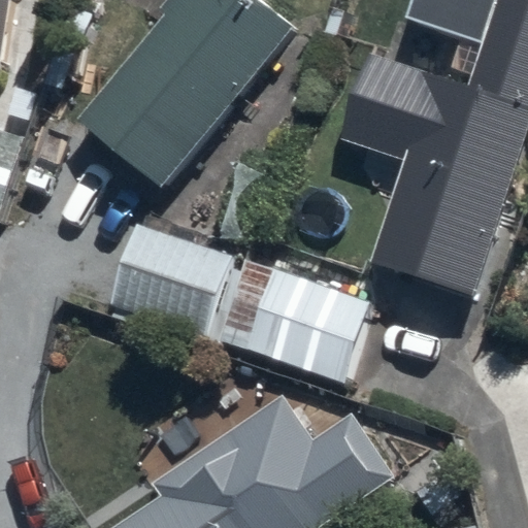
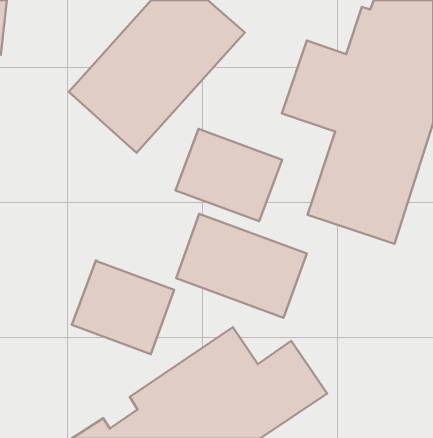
building: none -> [175,129,282,221]
building: [106,222,229,334] -> [72,261,174,354]

